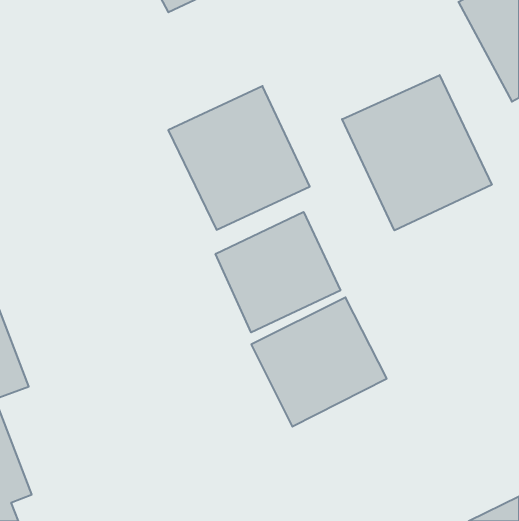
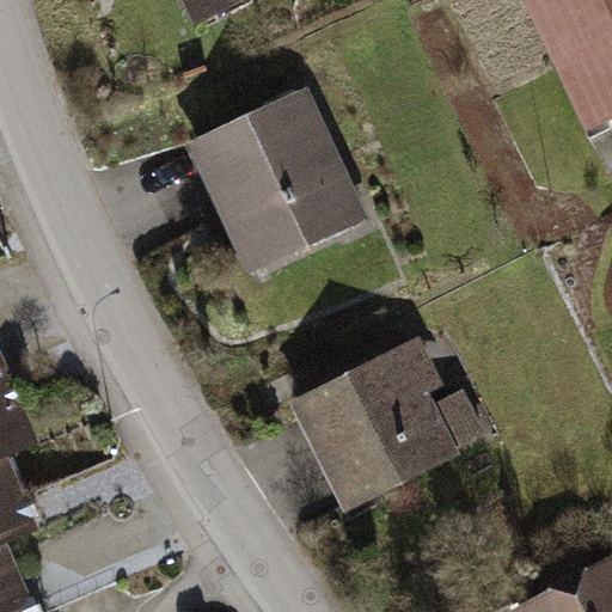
building: [342,75,492,230] -> none
building: [216,212,340,332] -> none

